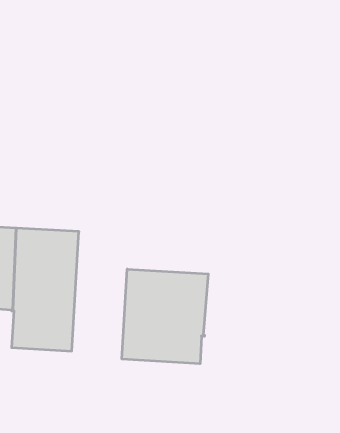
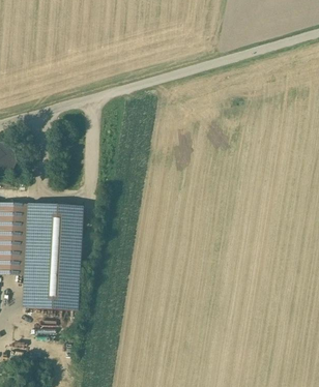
building: [122,269,208,364] -> none

